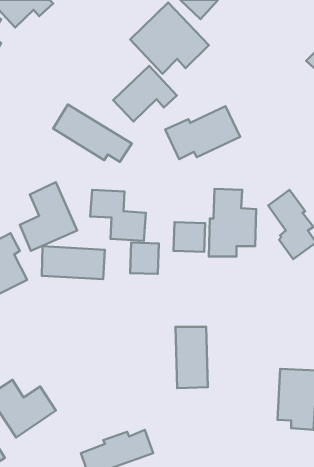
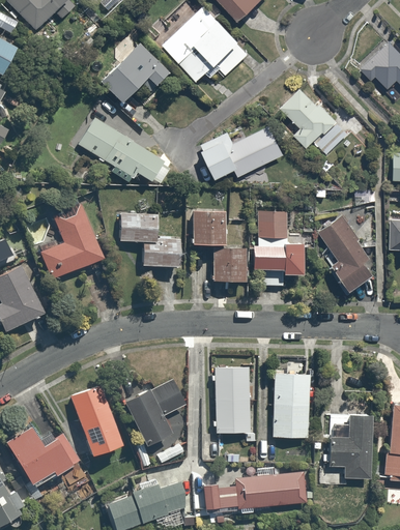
building: [113,66,177,121] -> [99,40,171,102]
building: none -> [281,86,349,155]
building: [130,242,159,274] -> [192,210,224,245]
building: [42,246,105,279] -> none
building: none -> [270,372,311,438]
building: none -> [125,378,189,447]
building: none -> [70,387,123,458]
building: none -> [203,471,309,512]

